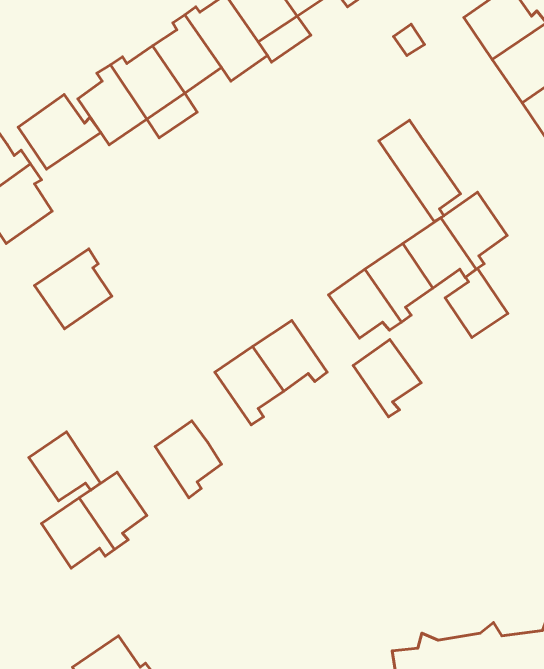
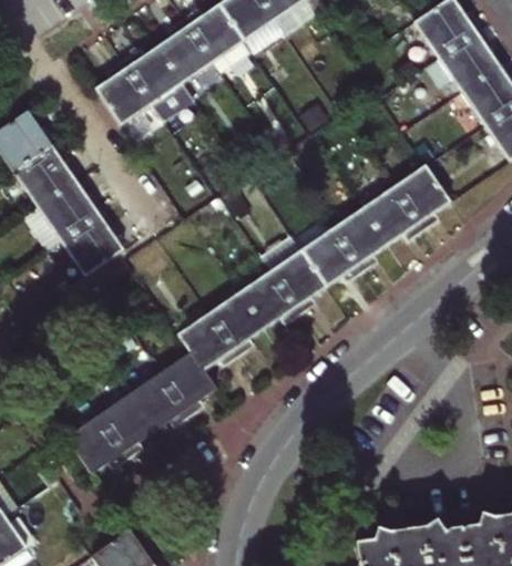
building: [18,95,101,169] -> [38,181,105,241]
building: [379,120,461,222] -> none
building: [445,269,508,337] -> none
building: [353,340,421,417] -> [272,249,327,312]
building: none -> [177,312,238,370]
building: [29,432,100,501] -> [129,373,187,430]

